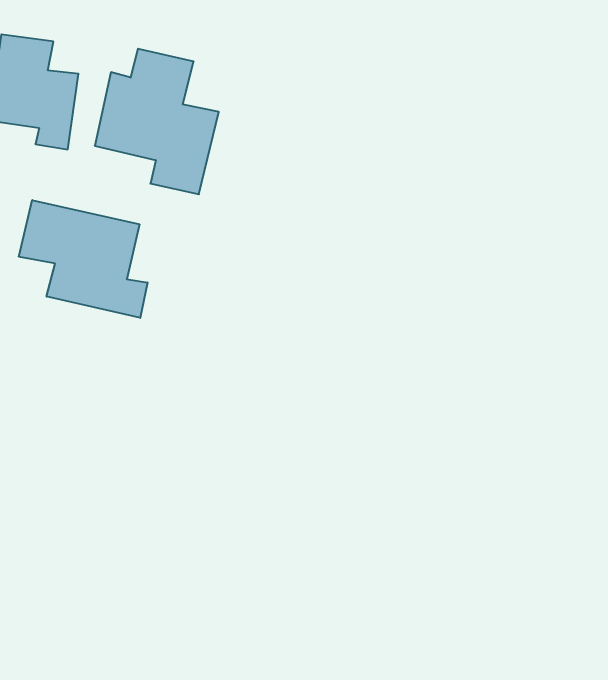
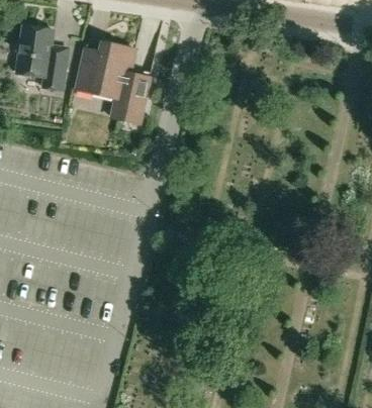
building: [19,200,147,318] -> none

